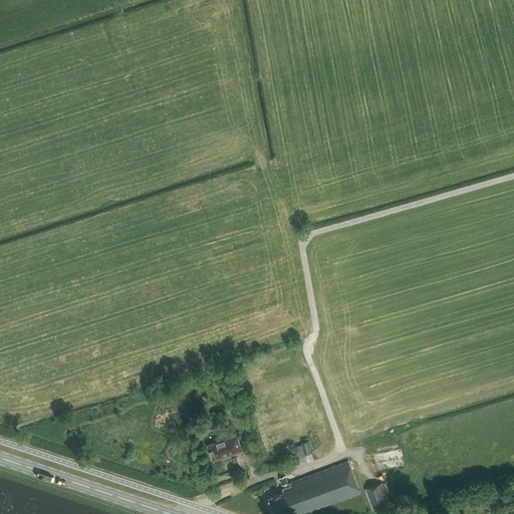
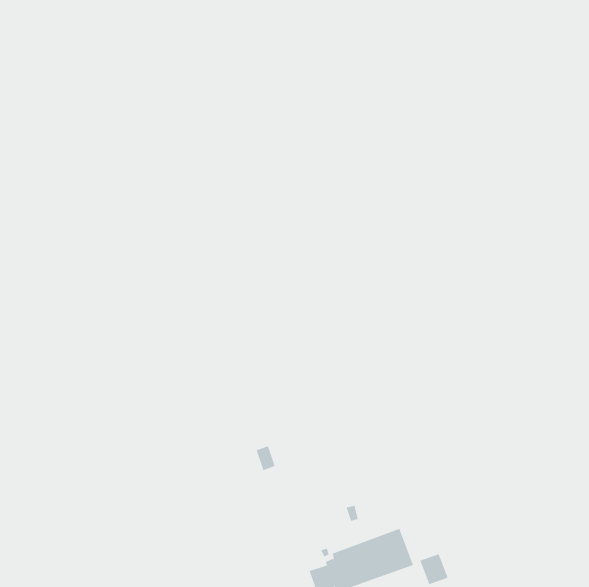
building: [209,436,242,461] -> none

